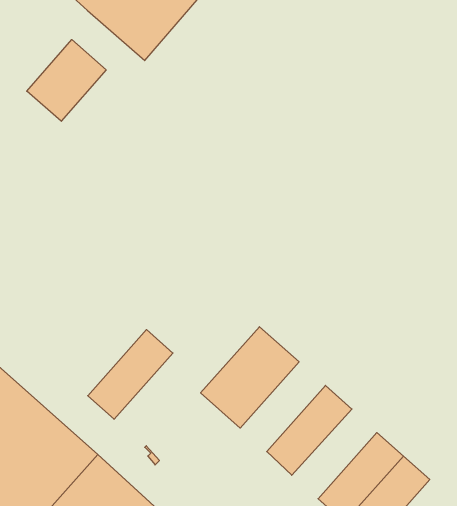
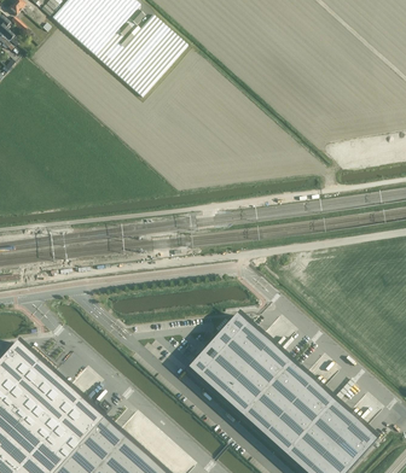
building: [27,40,106,121] -> none
building: [88,330,173,419] -> [221,343,291,416]
building: none -> [263,381,334,455]

